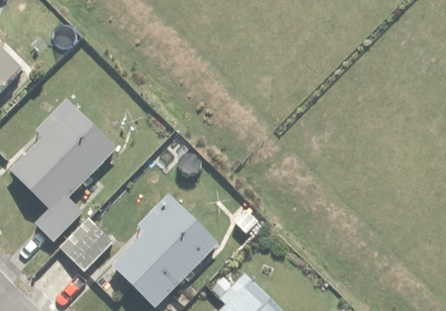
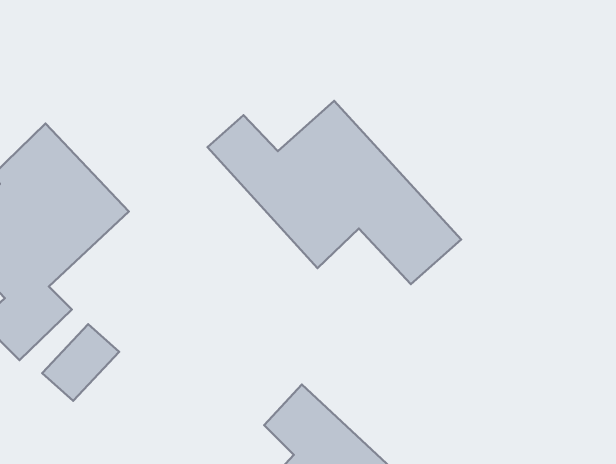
building: none -> [207,101,461,284]
building: [113,188,221,305] -> none

